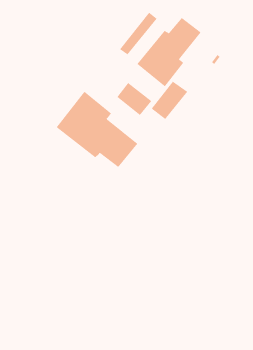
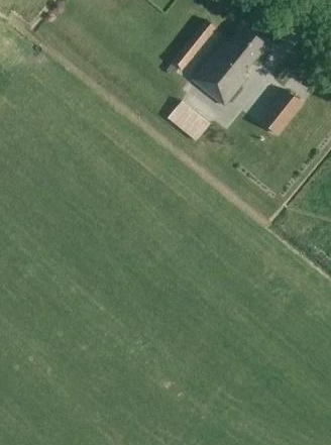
building: [151,81,188,120] -> [260,89,304,134]
building: [56,91,138,168] -> none

